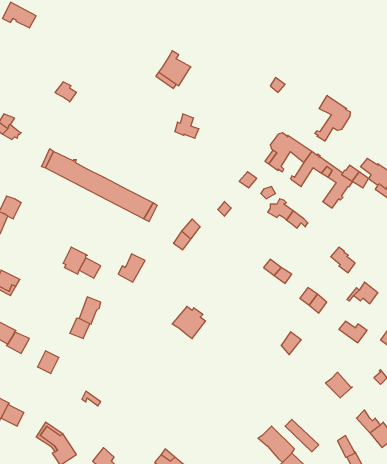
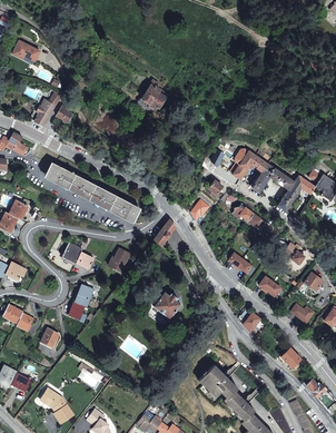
building: none -> [29,90,62,126]
building: [315,95,350,141] -> none
building: none -> [198,364,237,398]

